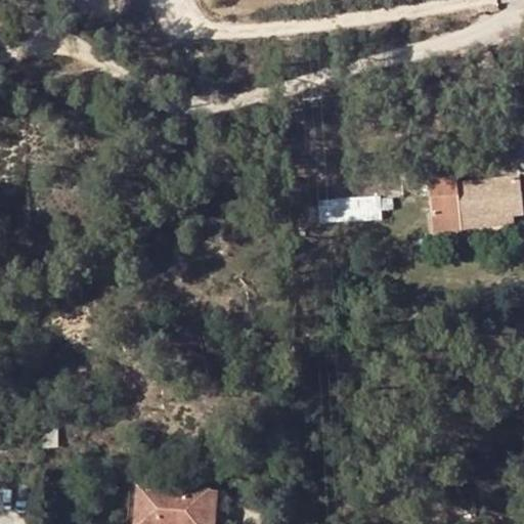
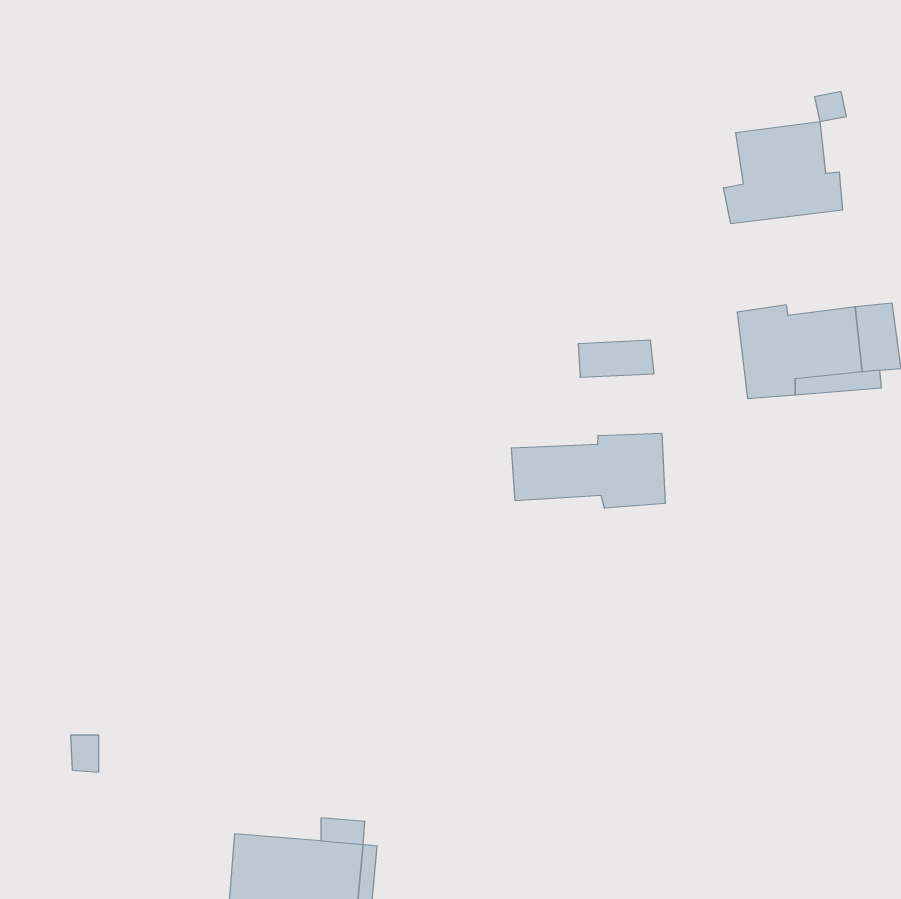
building: none -> [723,122,843,224]
building: none -> [511,433,665,508]

